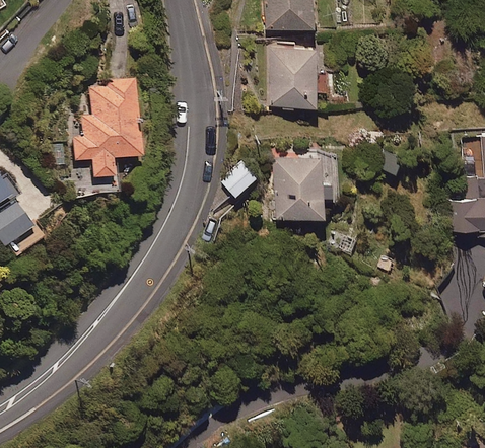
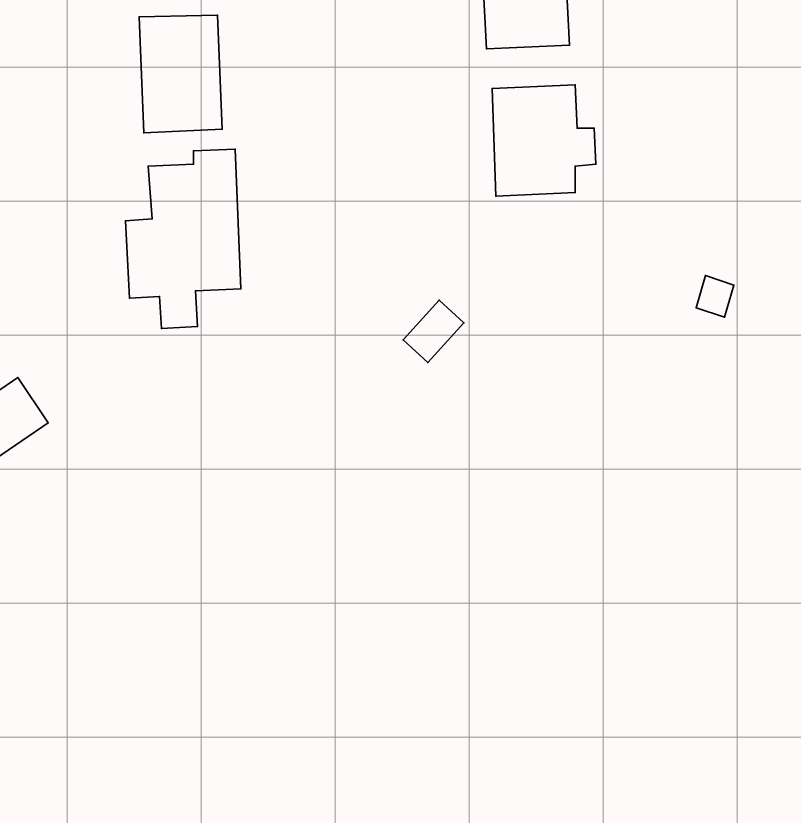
building: none -> [139,15,222,133]
building: [273,154,334,217] -> none

